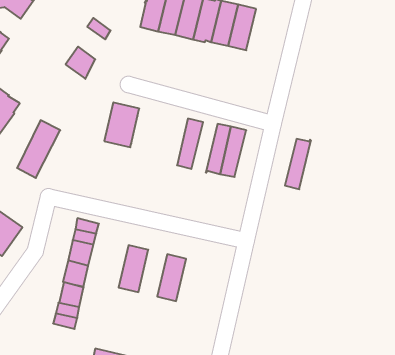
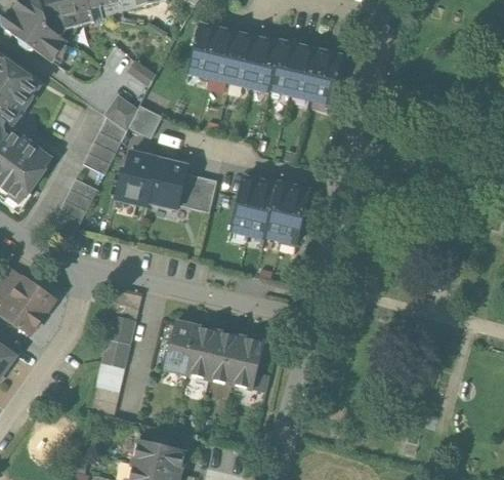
building: none -> [309,51,341,104]
building: none -> [128,106,161,138]
building: none -> [83,117,126,174]
building: none -> [115,152,158,206]
building: none -> [178,173,216,212]
building: [285,139,311,189] -> [247,181,277,238]
building: none -> [186,326,219,379]
building: none -> [229,336,263,390]

